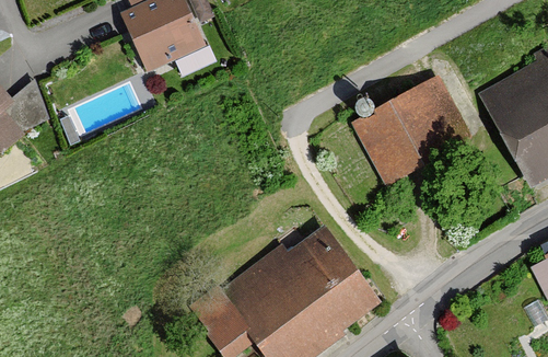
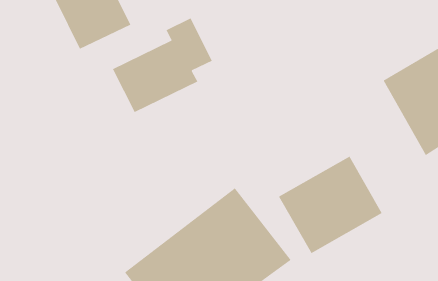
building: none -> [112,18,212,113]
building: [350,76,465,184] -> [278,156,382,254]

